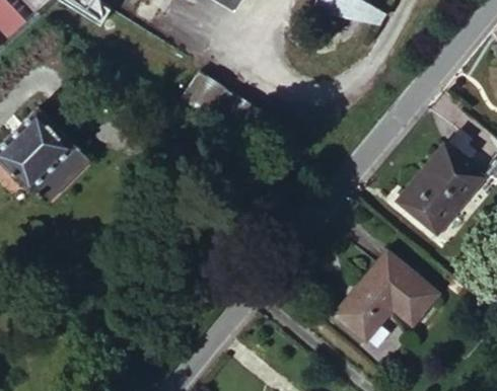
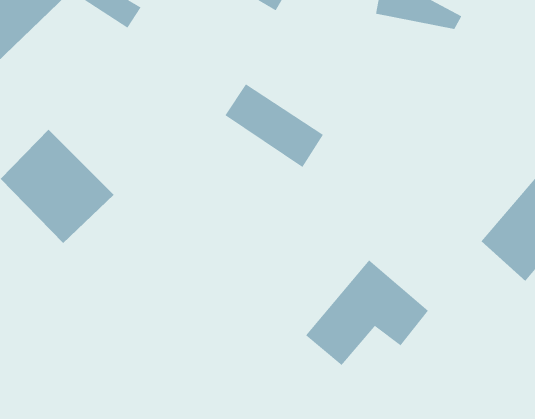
building: [329,251,431,339] -> [305,259,429,366]

